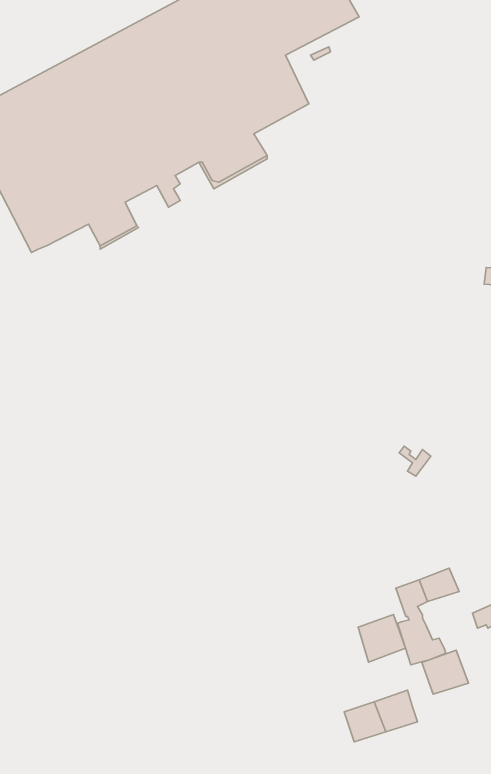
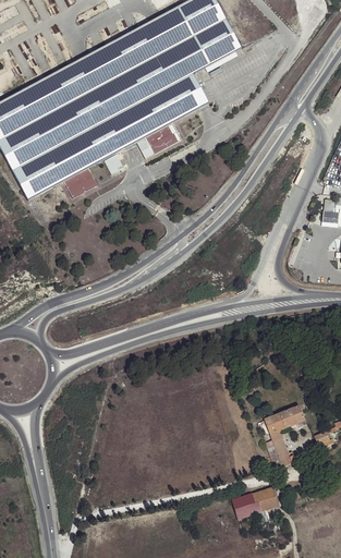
building: [358,615,406,662] -> none
building: [422,650,469,694] -> none

